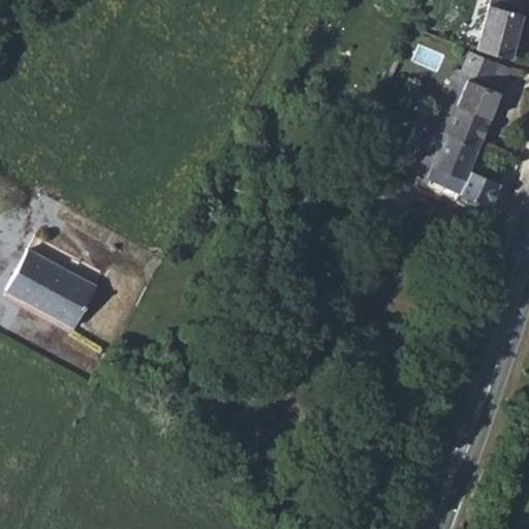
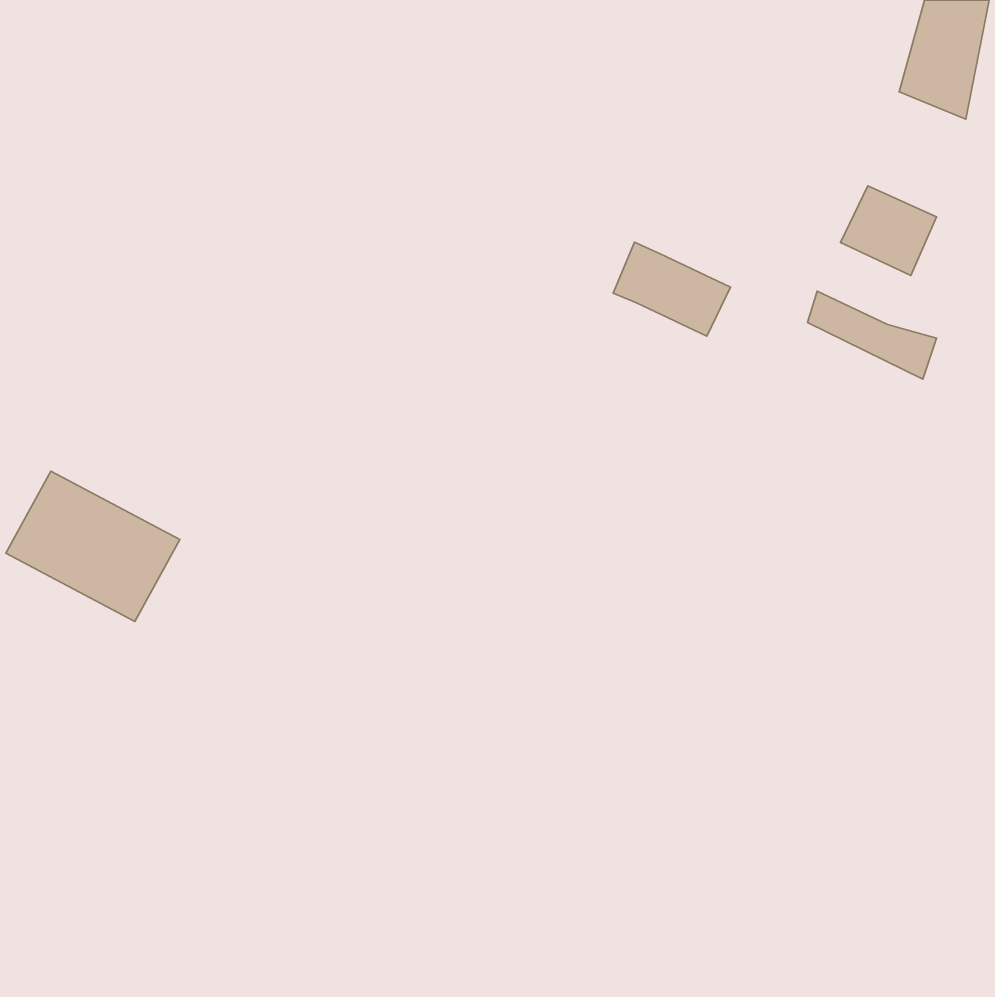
building: [442,53,504,116] -> none
building: [422,123,484,173] -> [613,242,730,336]

